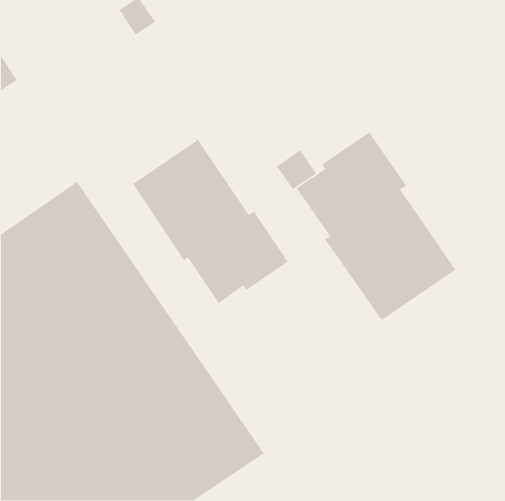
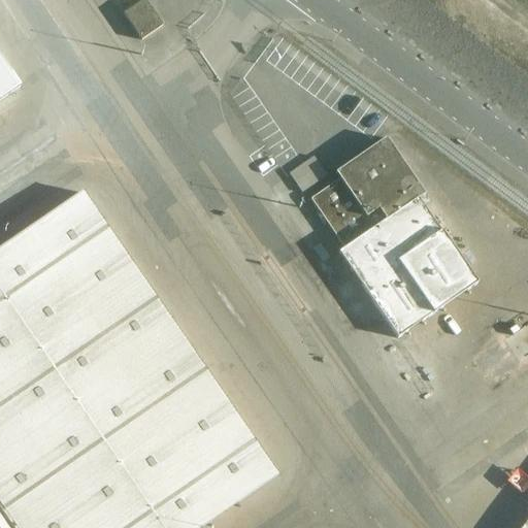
building: [132,139,289,304] -> none

